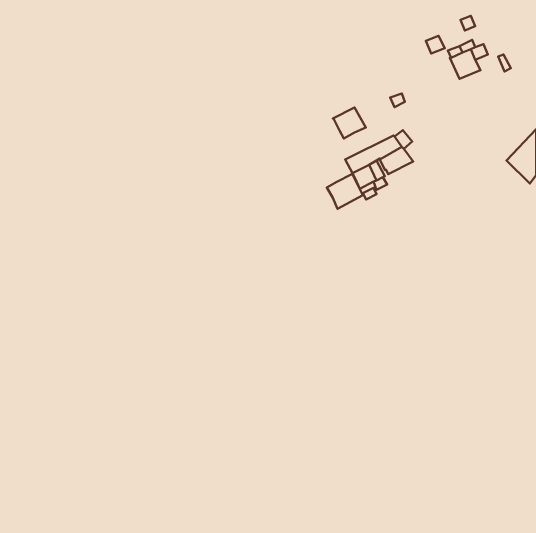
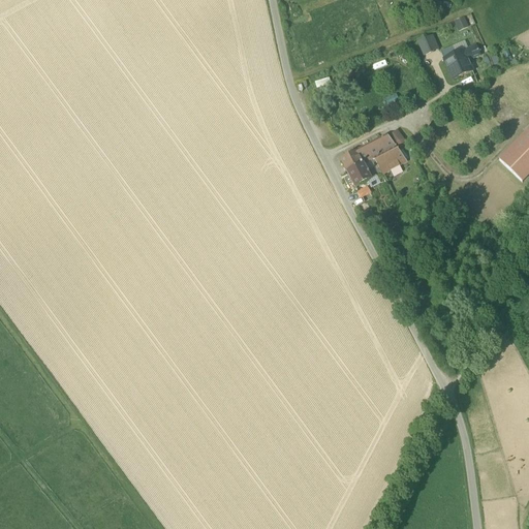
building: [333,108,366,138] -> none
building: [327,174,363,209] -> none

